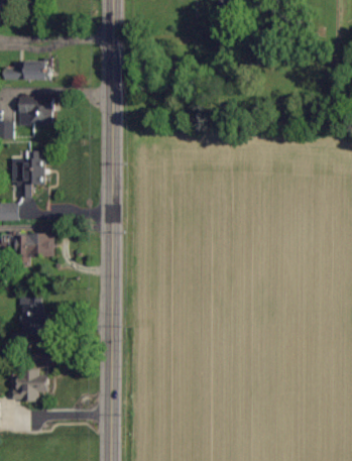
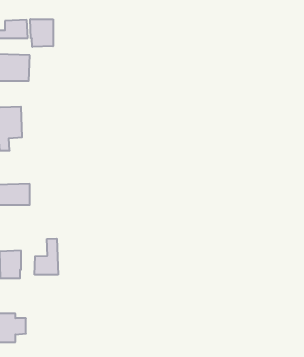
building: none -> [30,19,53,47]
building: none -> [35,239,58,275]

